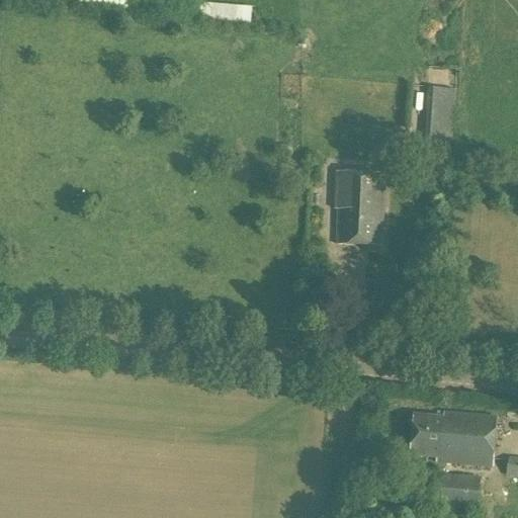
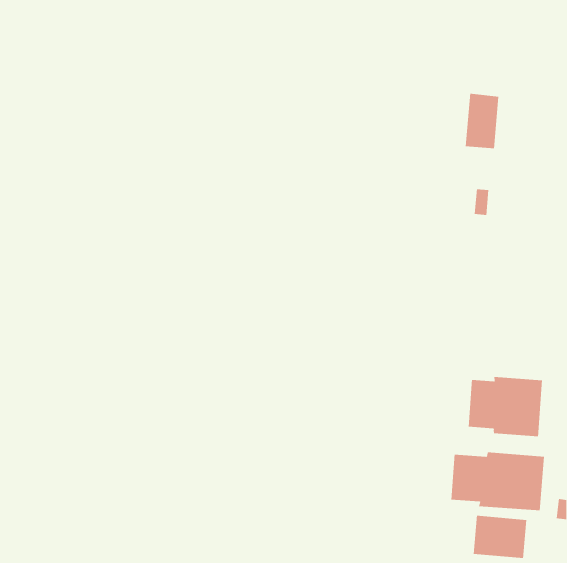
building: [335,170,383,242] -> none
building: none -> [468,376,542,437]

